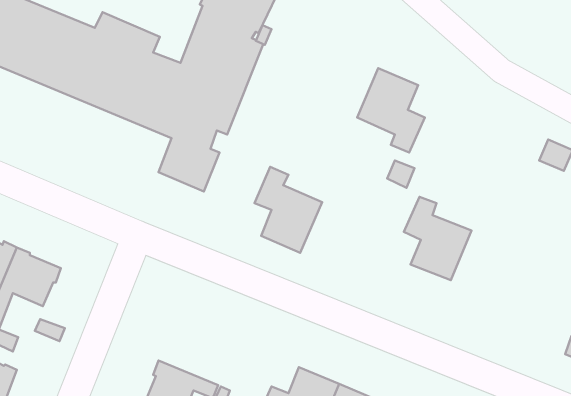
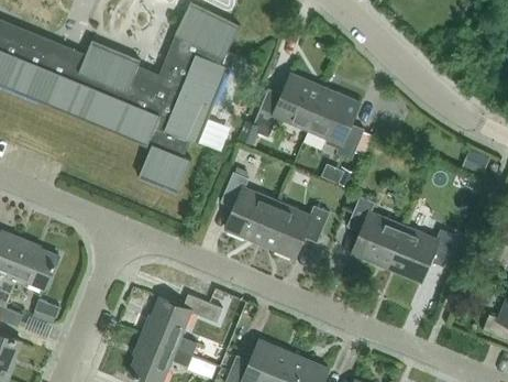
building: none -> [236,73,324,145]
building: none -> [258,200,329,258]
building: none -> [386,225,454,281]
building: none -> [139,295,220,356]

